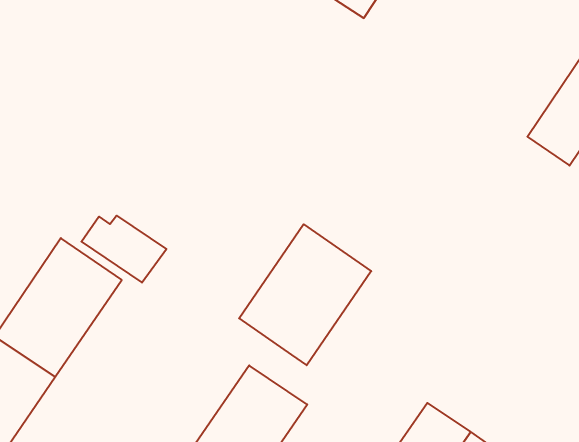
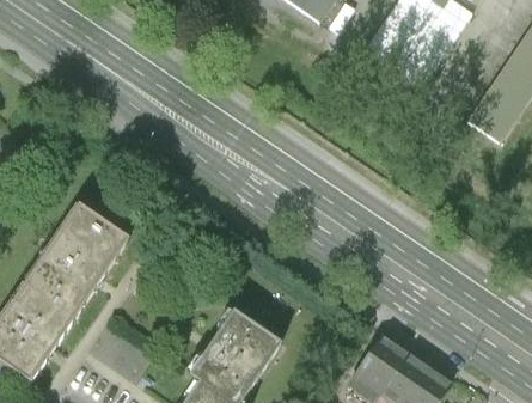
building: [81,216,166,283] -> none
building: [239,224,371,365] -> none

